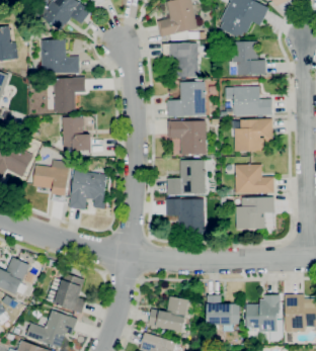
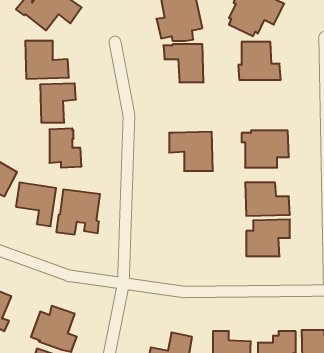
building: [167,82,206,117] -> none
building: [234,87,272,116] -> none
building: [167,160,212,195] -> none
building: [166,199,205,234] -> none

